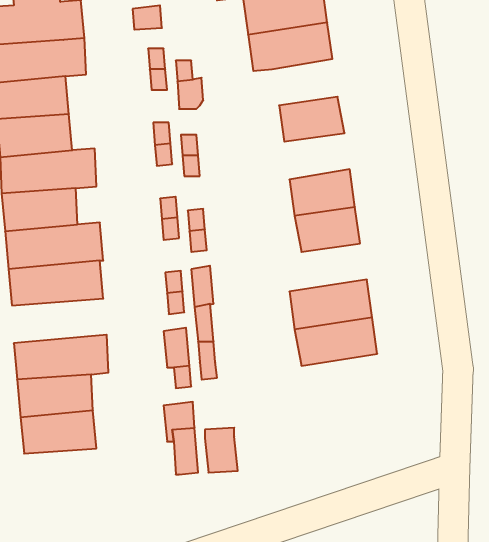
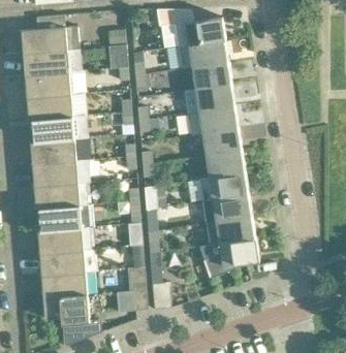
building: none -> [191,61,230,89]
building: none -> [185,105,238,135]
building: none -> [198,171,248,200]
building: none -> [35,204,92,231]
building: none -> [198,237,258,278]
building: none -> [42,294,98,346]

